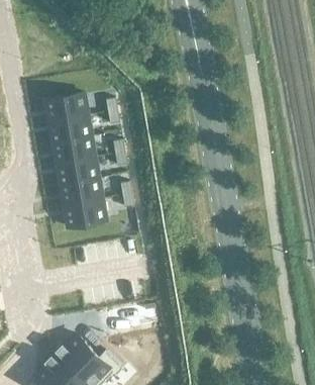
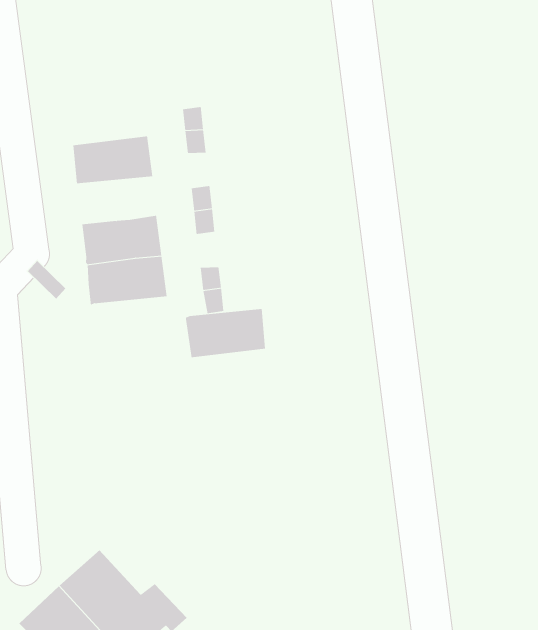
building: [46,93,90,122] -> none
building: [54,136,97,164] -> none
building: [65,199,108,227] -> [185,308,266,358]

